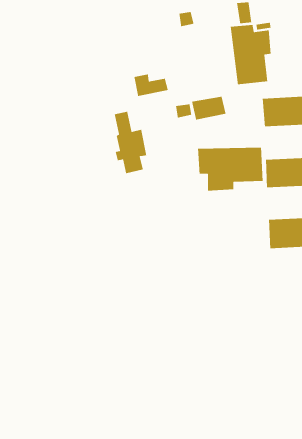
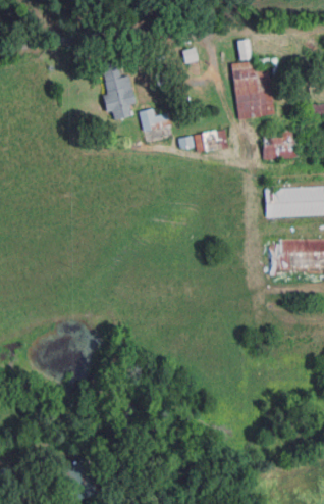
building: [114,111,147,174] -> [103,59,134,119]
building: [197,147,263,192] -> none

